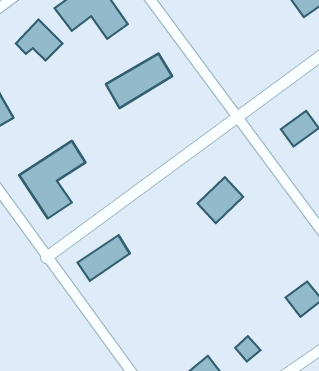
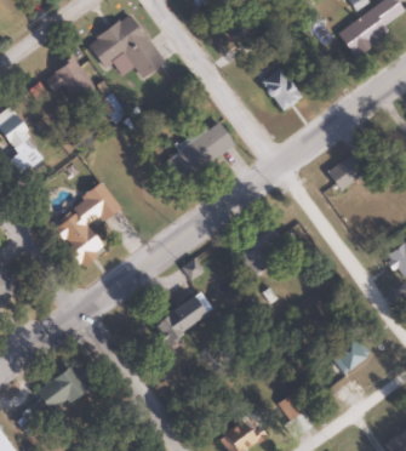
building: none -> [262,67,301,112]
building: [106,53,172,108] -> [166,124,236,182]
building: [77,235,130,281] -> [151,296,207,344]
building: none -> [36,366,88,412]

